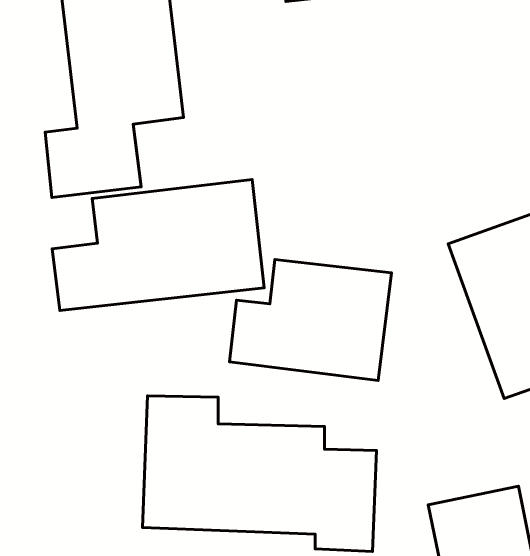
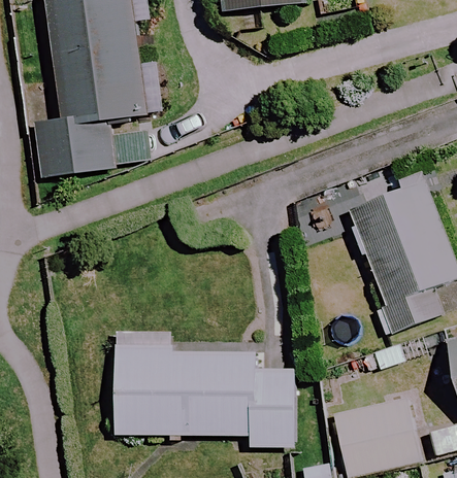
building: [52,179,264,311] -> none
building: [229,259,391,380] -> none

